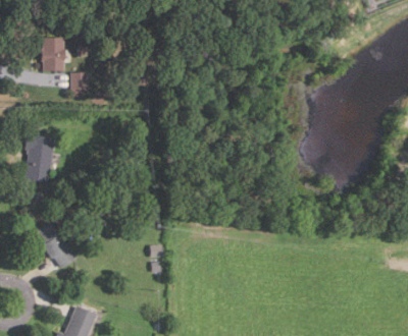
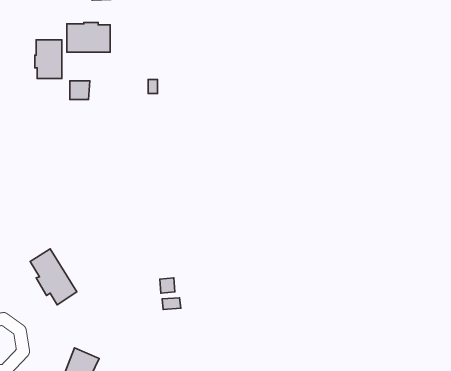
building: none -> [67,22,110,52]
building: [21,135,52,183] -> none

